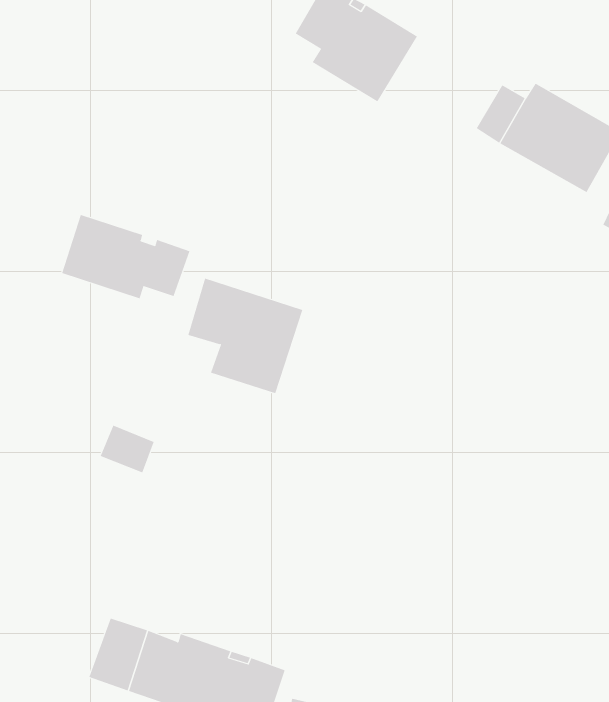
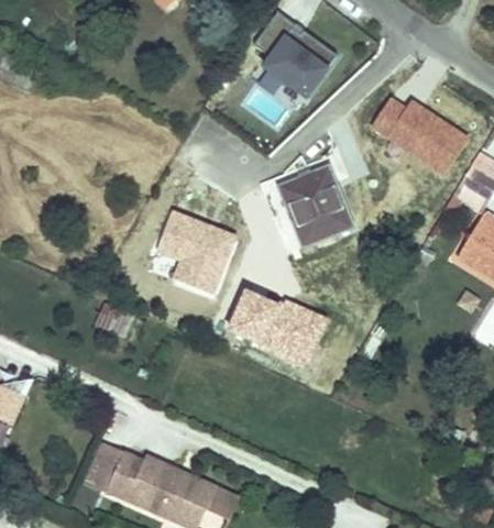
building: none -> [272,153,354,248]
building: [61,214,190,299] -> none
building: none -> [226,285,330,367]

